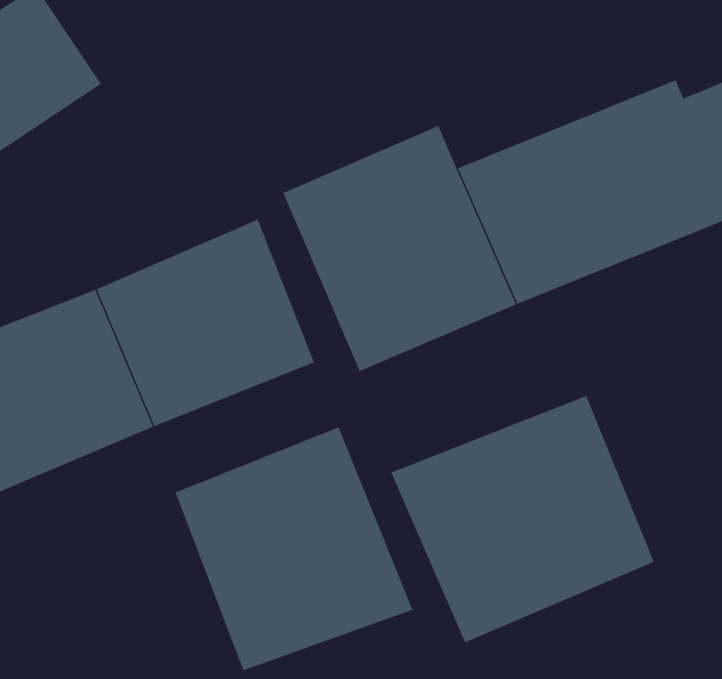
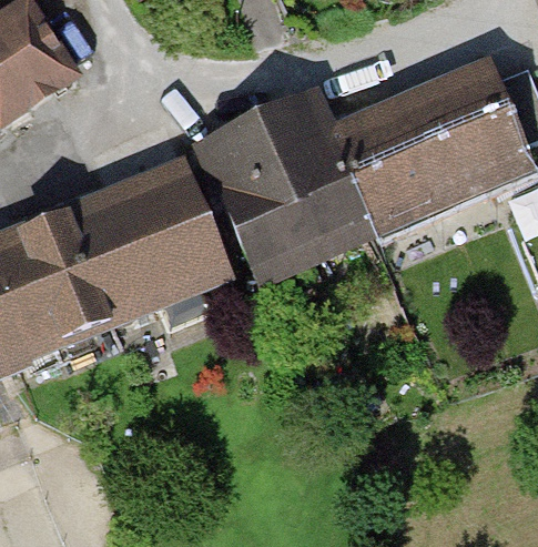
building: [391,395,654,643] -> none
building: [175,427,413,671] -> none

